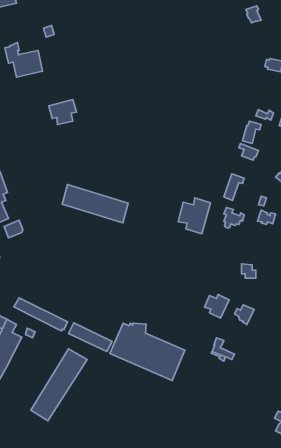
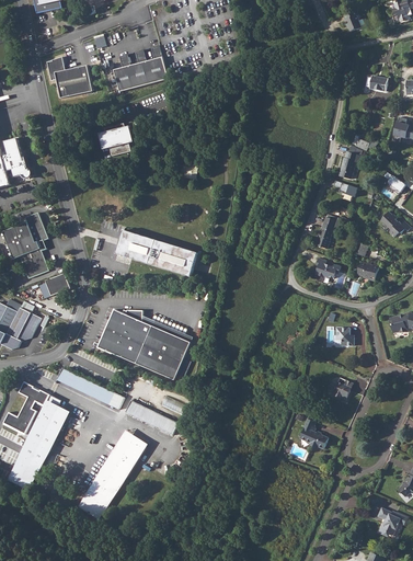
building: none -> [113,44,168,91]
building: [178,198,211,234] -> none
building: [204,294,229,318] -> none
building: [110,323,185,380] -> [97,309,190,379]

